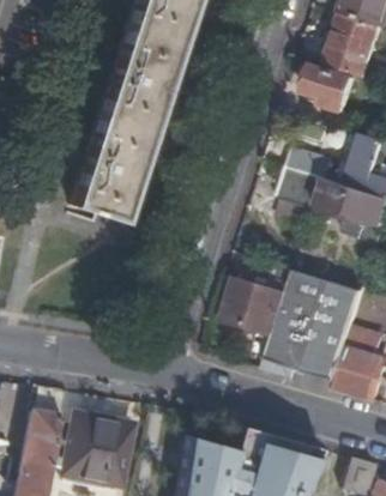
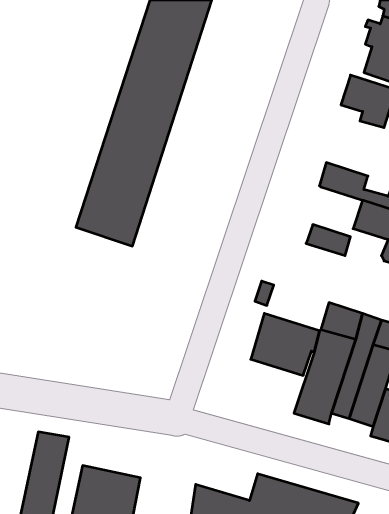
building: [278,167,326,211] -> none

